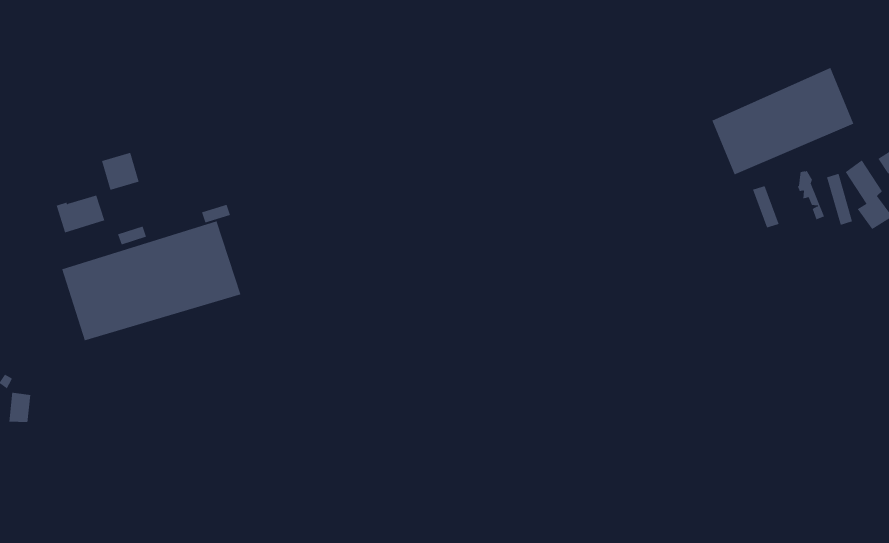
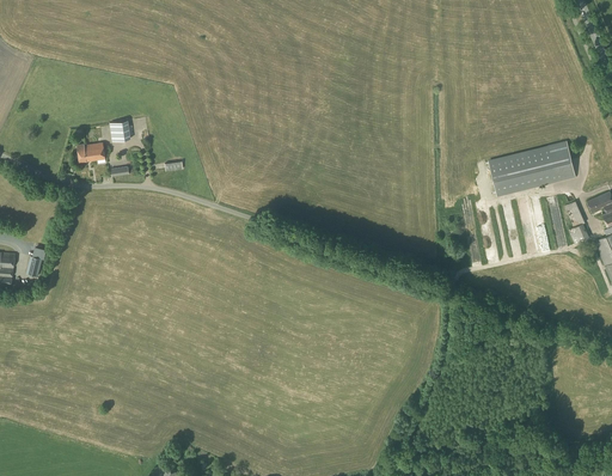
building: [61,220,241,341] -> none

